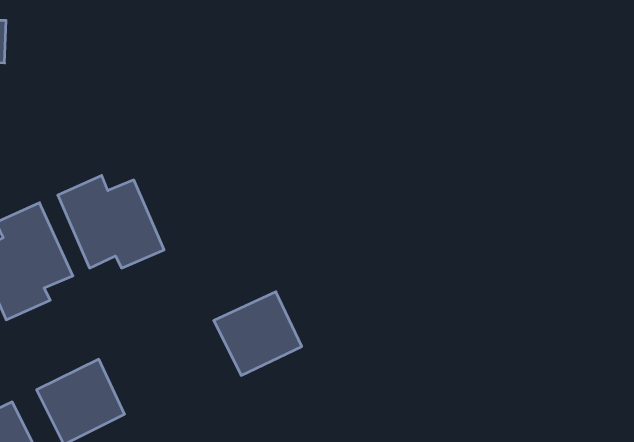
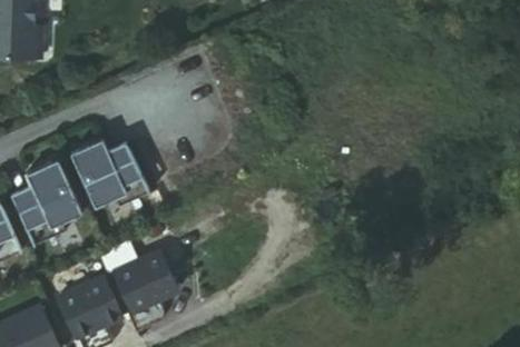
building: [214,292,302,375] -> [110,248,175,309]

